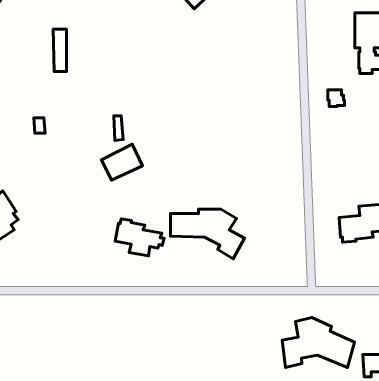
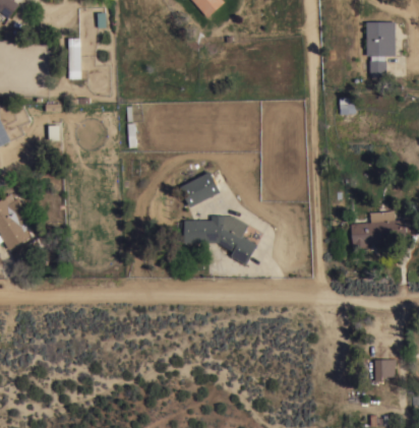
building: [101,144,143,180] -> [180,171,221,206]
building: [115,219,164,256] -> none
building: [282,317,354,368] -> none

